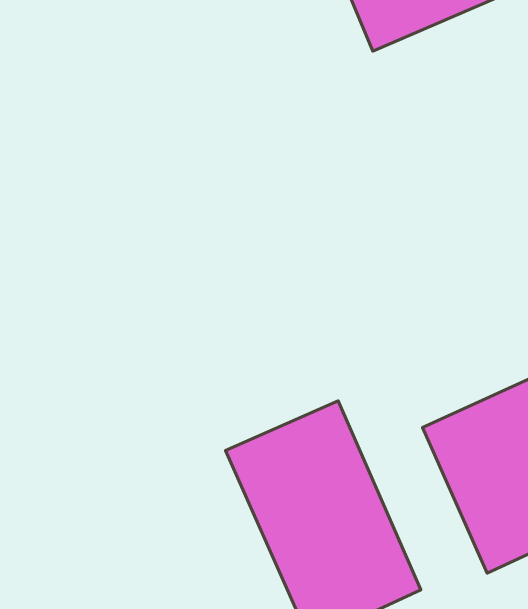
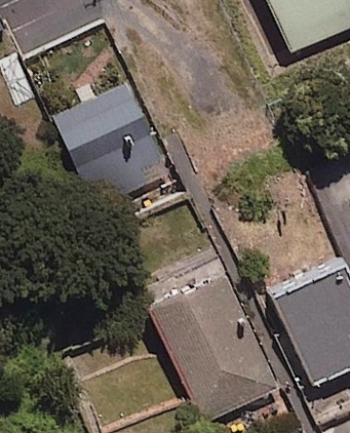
building: none -> [52,82,168,206]

